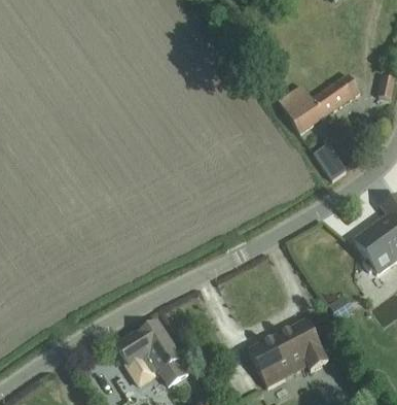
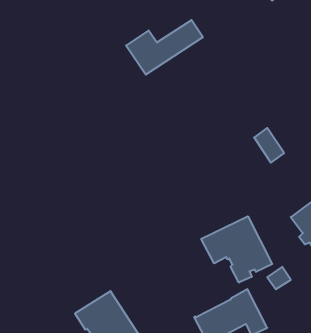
building: [278,73,362,133] -> [126,20,203,75]
building: none -> [201,216,272,283]

